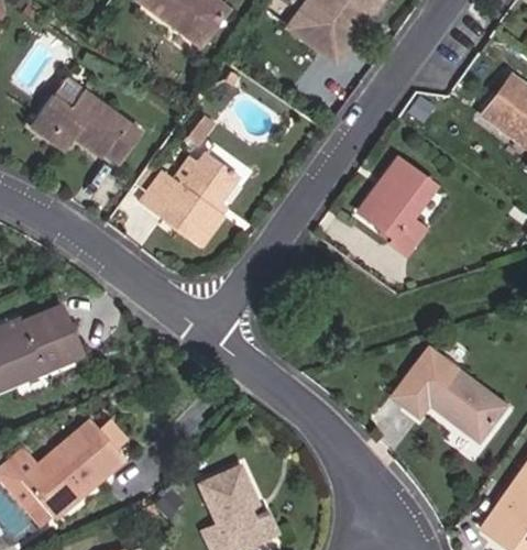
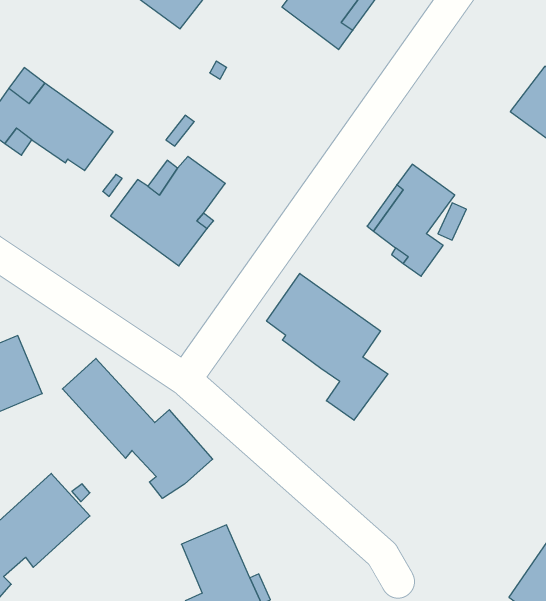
building: none -> [267,273,388,420]
building: none -> [62,358,213,498]
building: [392,348,504,440] -> none

